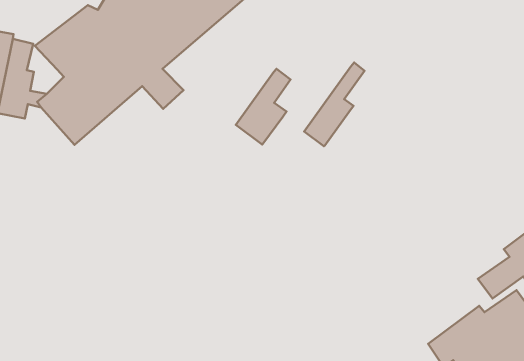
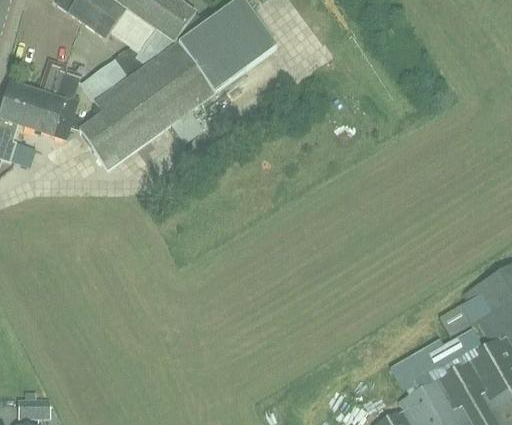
building: [304,63,364,146] -> none
building: [236,69,290,144] -> none

